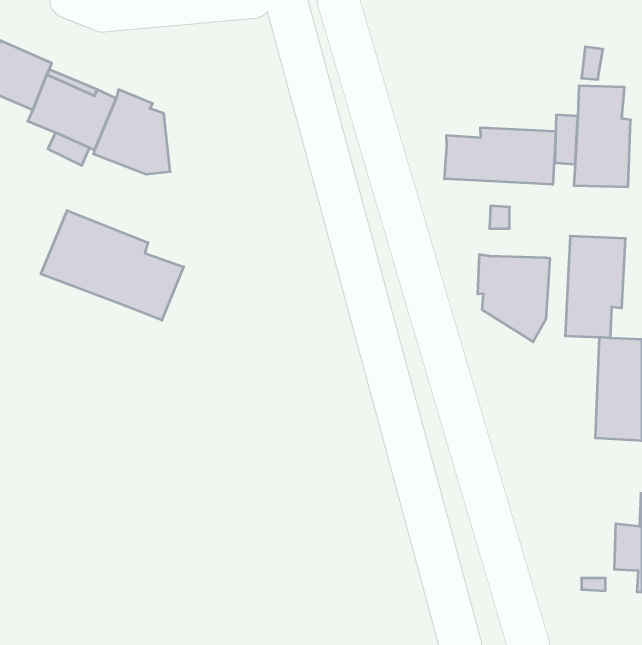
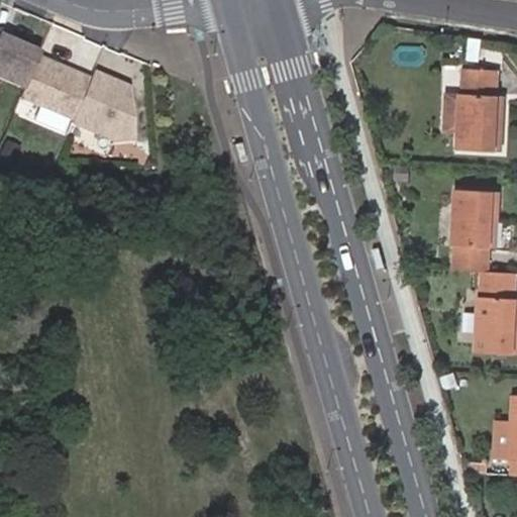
building: [444,128,556,185] -> none
building: [41,210,184,320] -> none
building: [478,254,550,342] -> none

